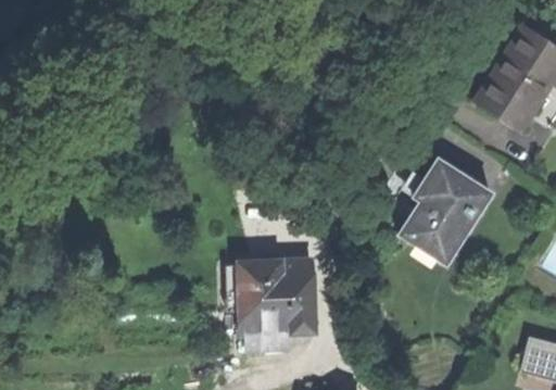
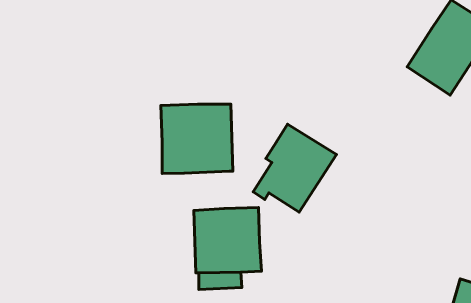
building: none -> [161,104,233,173]
building: [401,161,493,259] -> [253,124,336,212]

